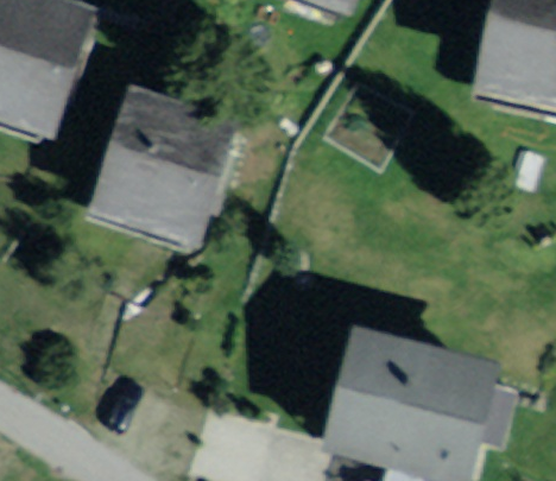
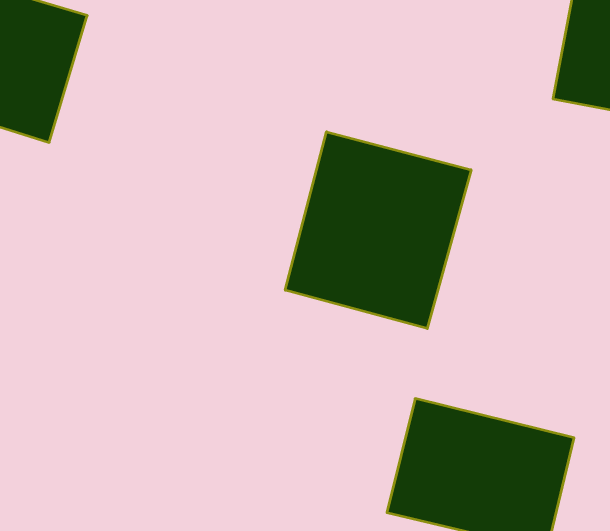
building: [108,101,230,232] -> none
building: none -> [285,132,471,329]

